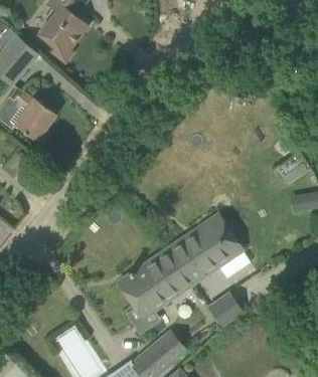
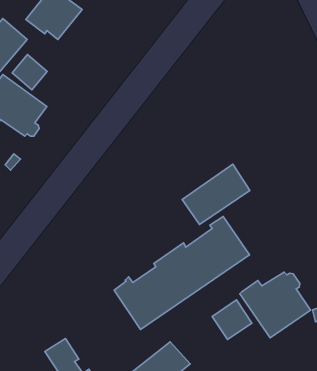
building: none -> [12,55,47,90]
building: none -> [182,164,250,224]
building: none -> [240,272,311,338]

